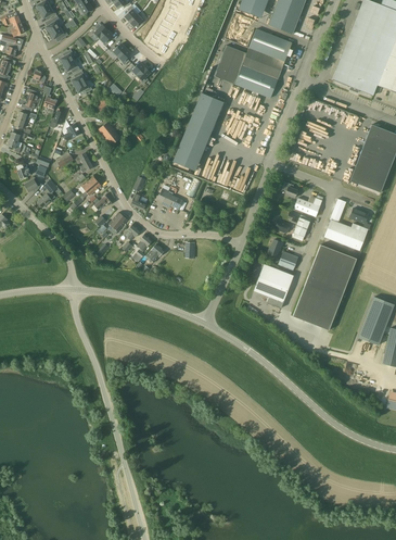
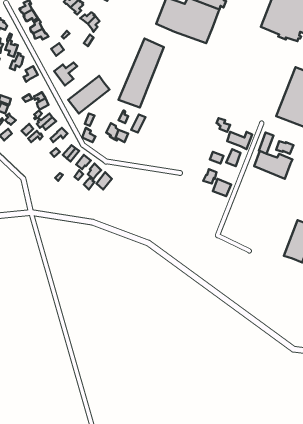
building: none -> [68,76,110,113]
building: [293,244,356,330] -> none
building: [253,264,293,309] -> none

